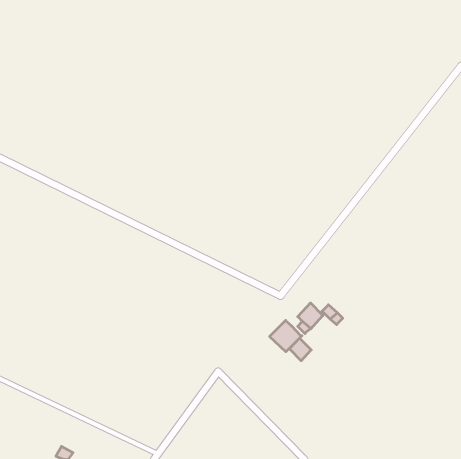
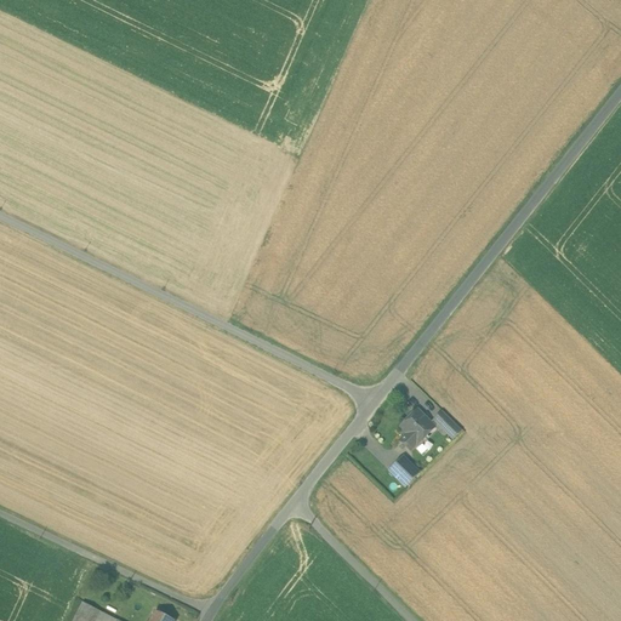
building: [270,320,302,352] -> none

